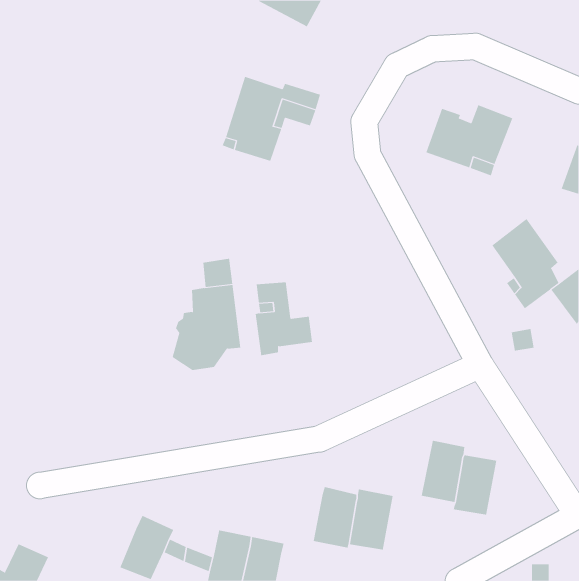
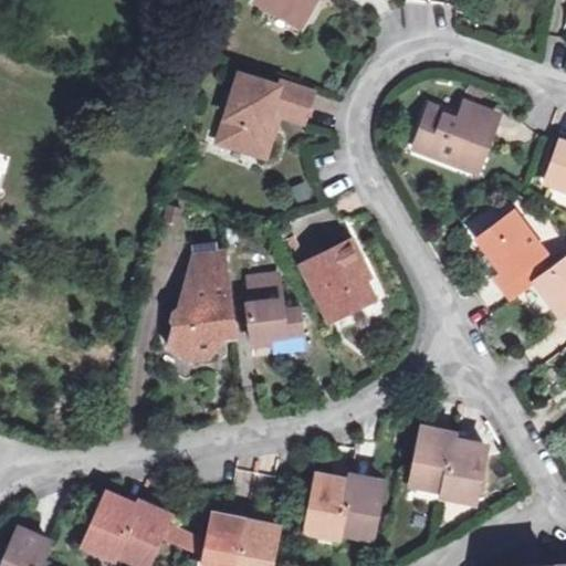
building: none -> [302,241,376,319]
building: none -> [82,494,135,556]

